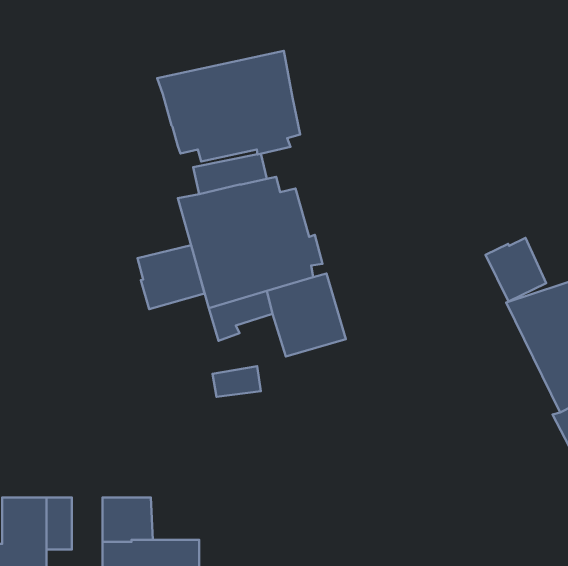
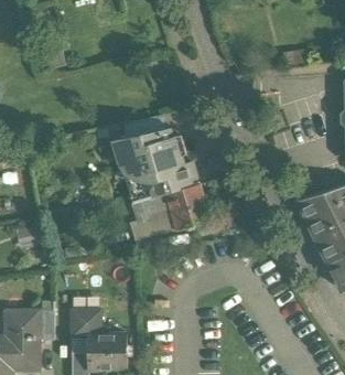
building: [157,51,300,162] -> none
building: [486,238,546,302] -> none
building: [137,245,205,309] -> none

